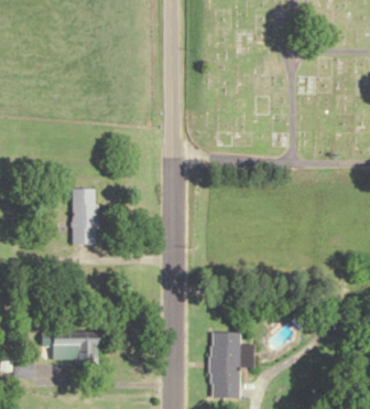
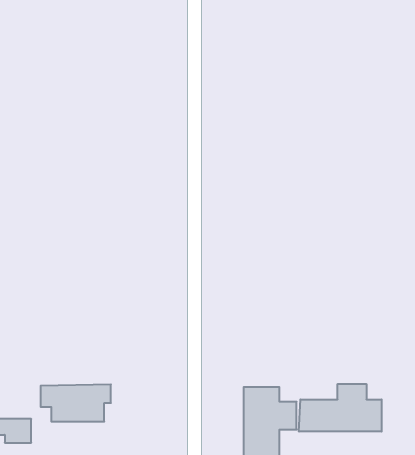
building: [72,190,96,245] -> none
building: none -> [299,384,382,432]

